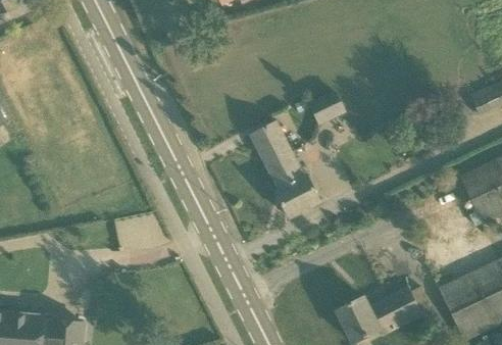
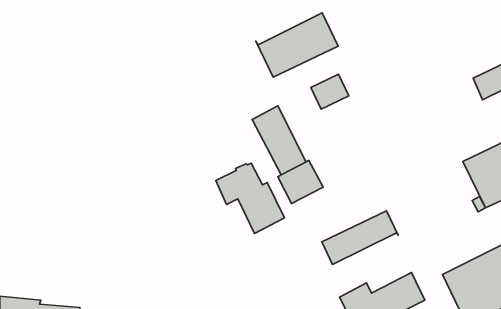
building: none -> [256,13,338,77]
building: none -> [216,163,285,234]
building: none -> [322,211,398,265]

